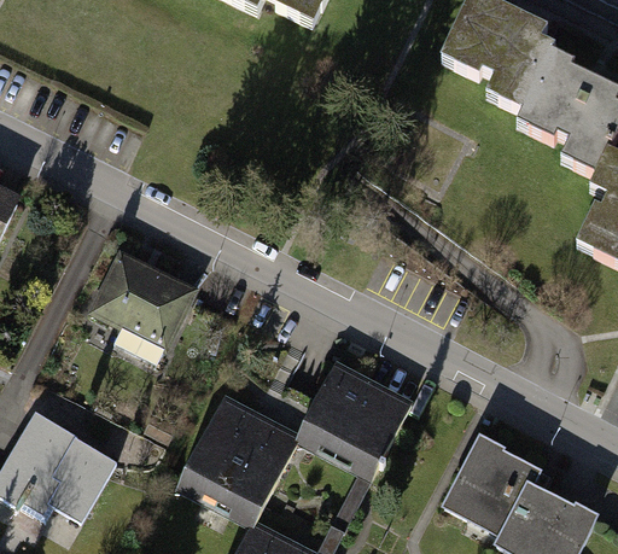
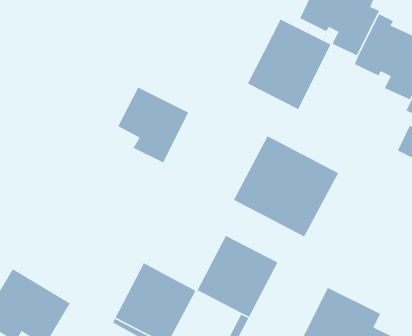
building: none -> [247,18,332,110]
building: none -> [233,135,339,238]
building: [92,252,193,361] -> [117,86,189,163]

